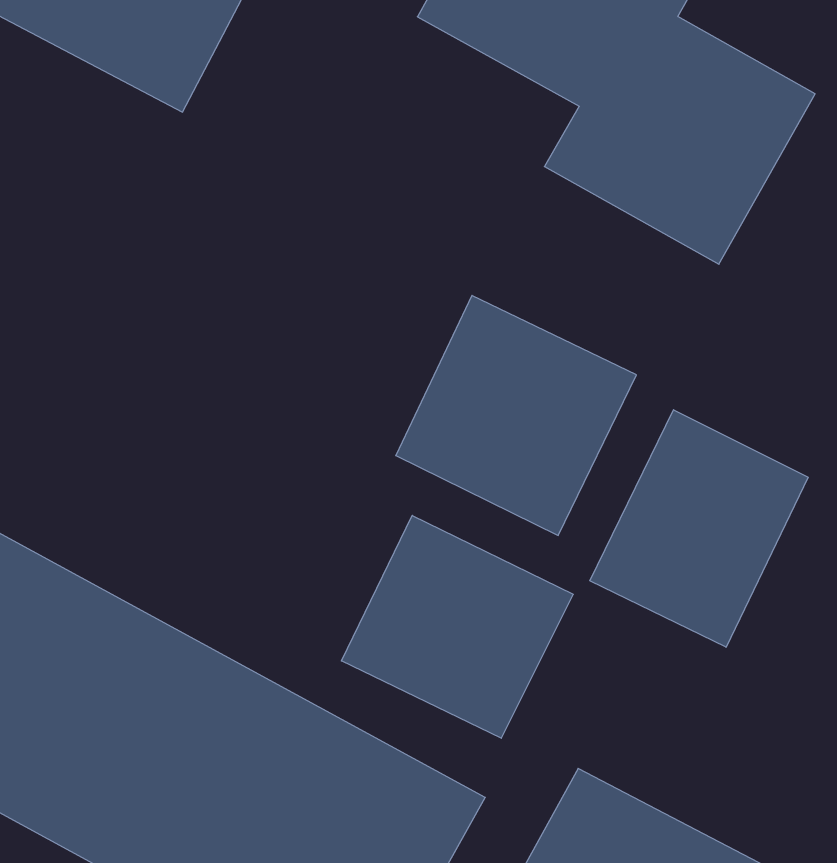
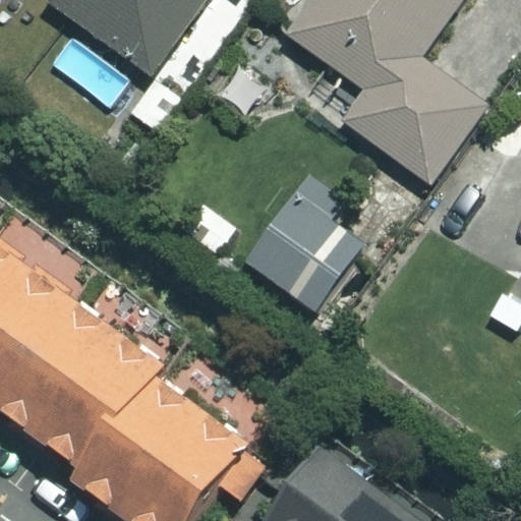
building: [590,410,808,647] -> none
building: [341,515,573,738] -> none

